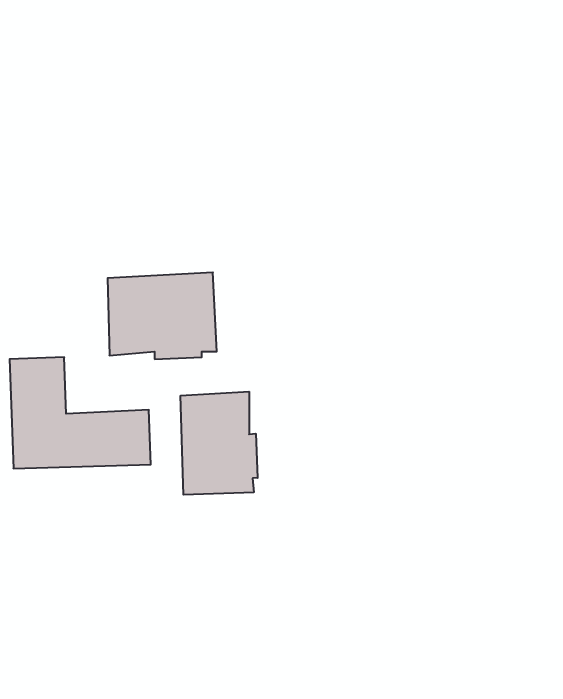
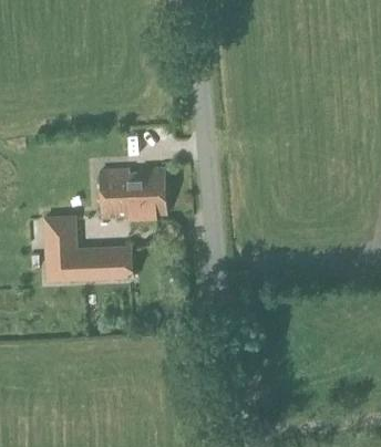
building: [181,392,258,495] -> none

